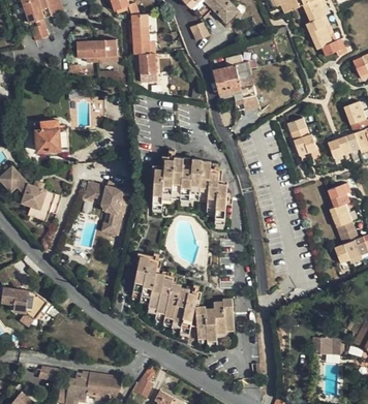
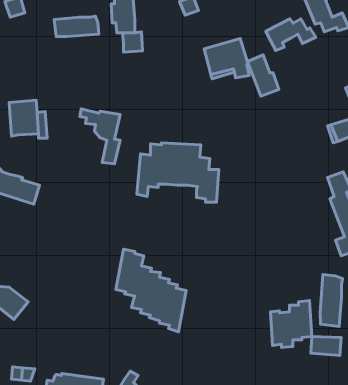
building: none -> [266,19,316,51]
building: [287,118,316,156] -> [247,55,279,96]
building: [87,184,124,235] -> [80,109,120,164]
building: none -> [320,275,343,327]
building: [196,298,235,341] -> [270,301,312,348]

